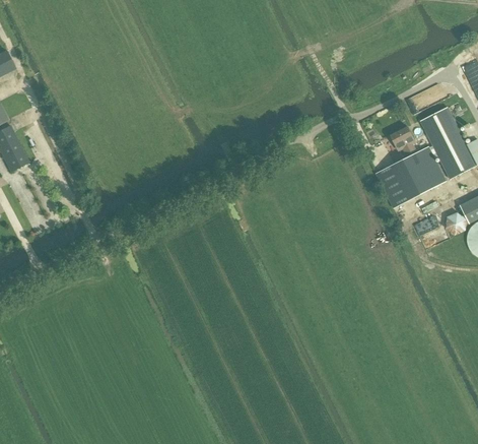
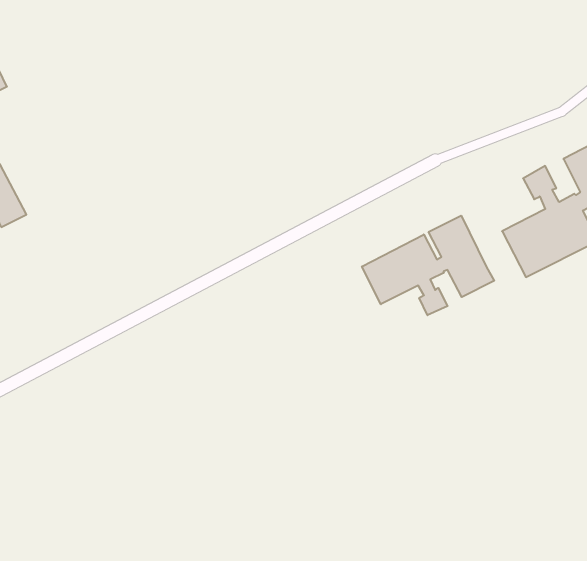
building: none -> [362,216,494,315]

